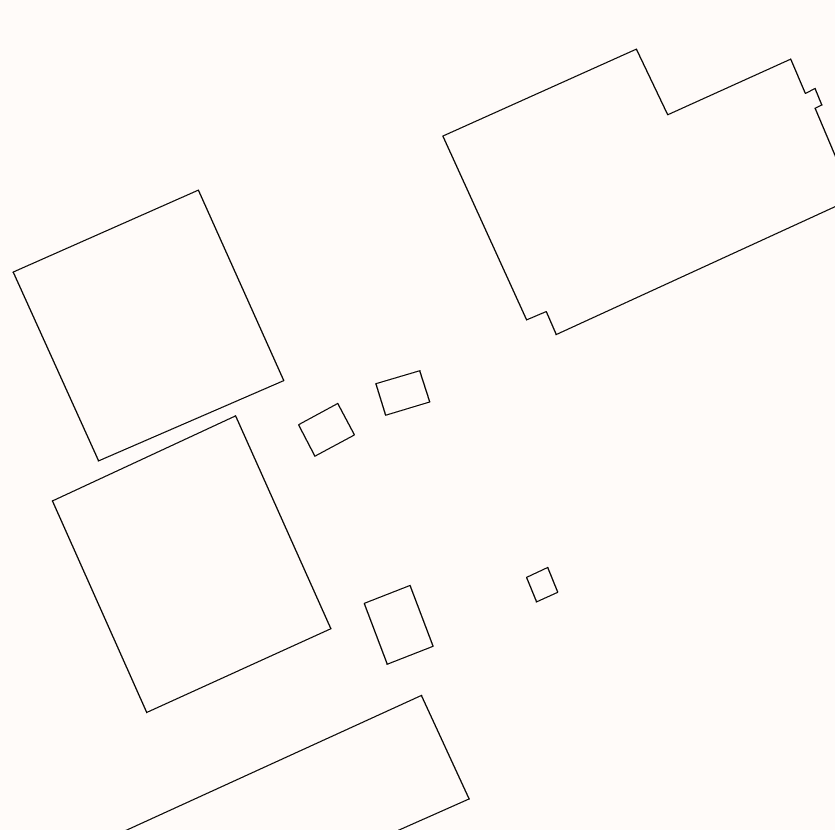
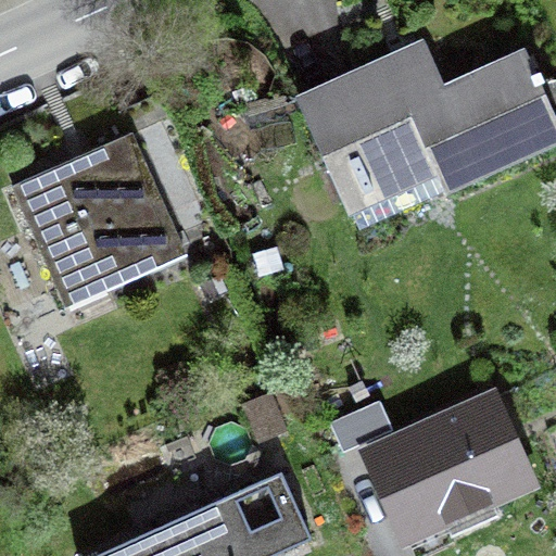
building: [53,416,331,713] -> none
building: none -> [332,387,543,547]

